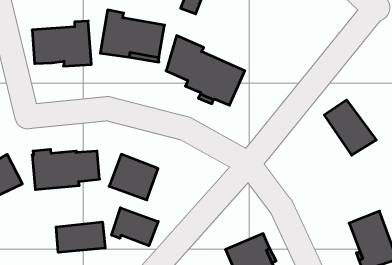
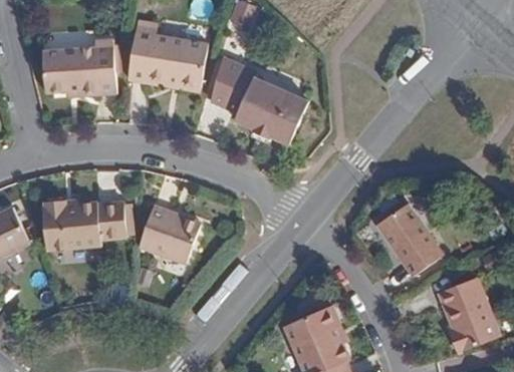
building: [324,100,376,155] -> [378,205,444,274]
building: [112,208,158,246] -> none
building: [56,222,105,252] -> none

